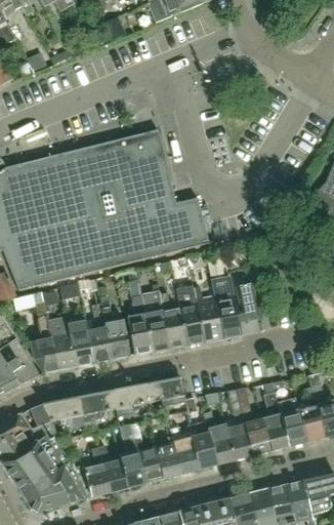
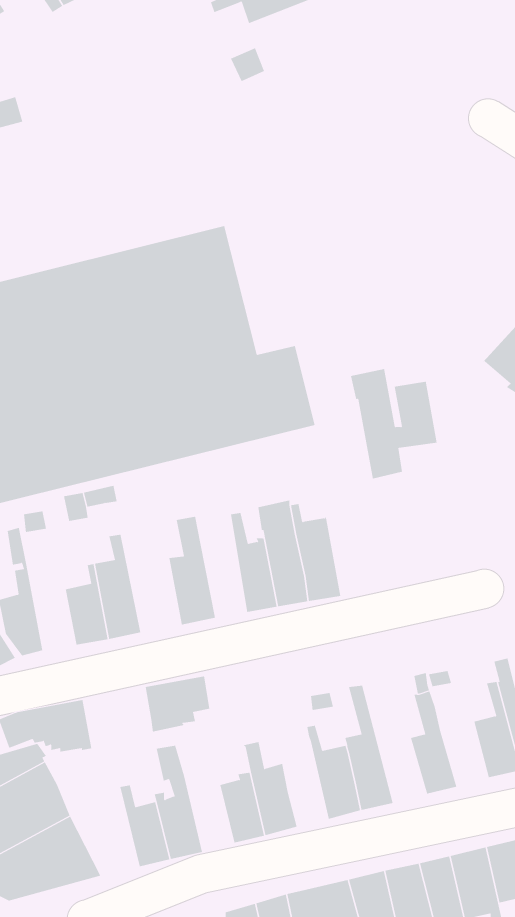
building: [211,276,260,338] -> [350,368,437,479]
building: [141,289,170,351] -> none
building: [99,294,129,359] -> none
building: [46,316,74,369] -> none
building: [147,377,186,406] -> none
building: [236,388,272,455] -> none
building: [78,390,116,430] -> none
building: [277,397,306,446] -> none
building: [187,420,216,469] -> none
building: [135,438,163,483] -> none
building: [82,446,110,496] -> none

